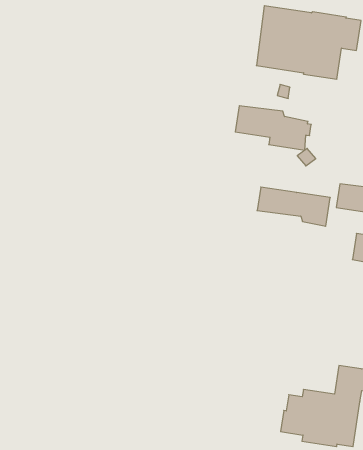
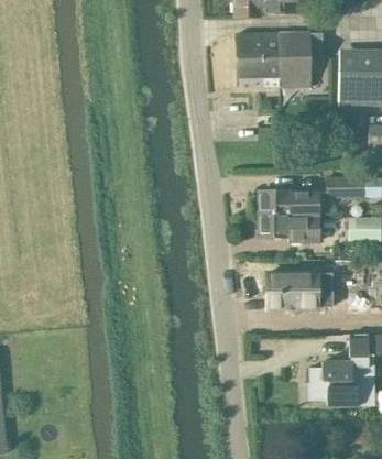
building: [235,106,311,150] -> [258,210,323,241]
building: none -> [266,273,332,308]

